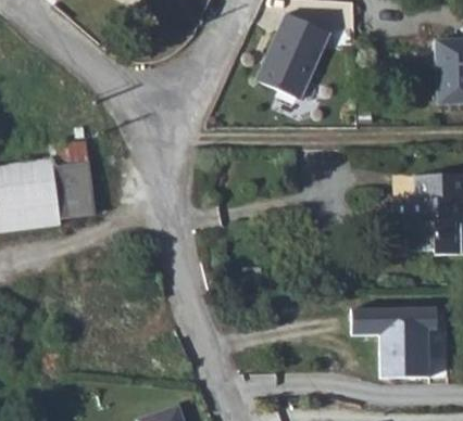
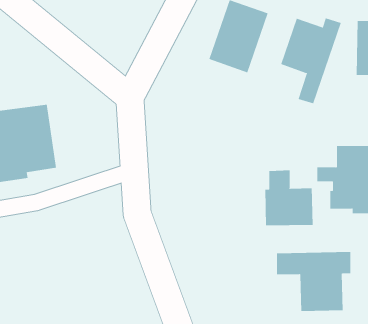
building: none -> [280,18,342,104]
building: none -> [265,170,313,226]

